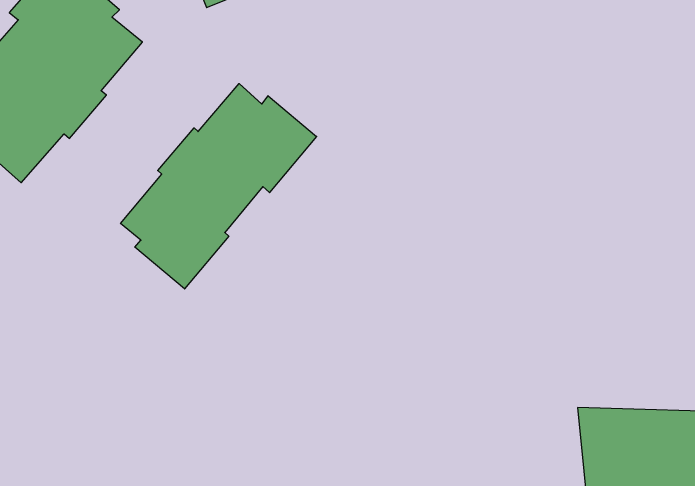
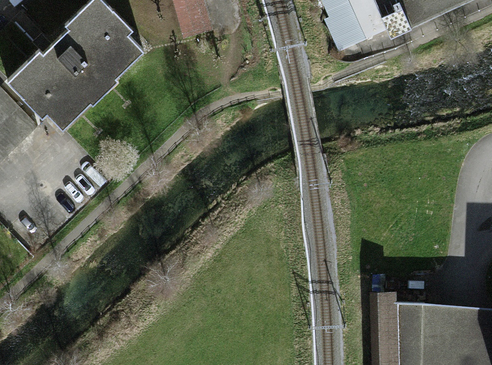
building: [121,84,317,289] -> none

